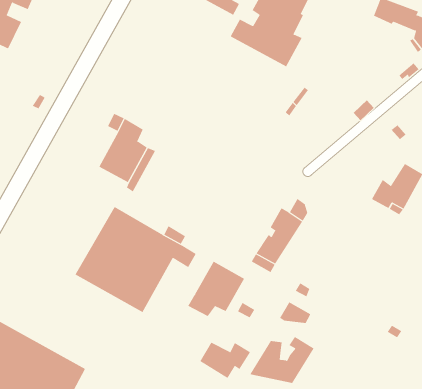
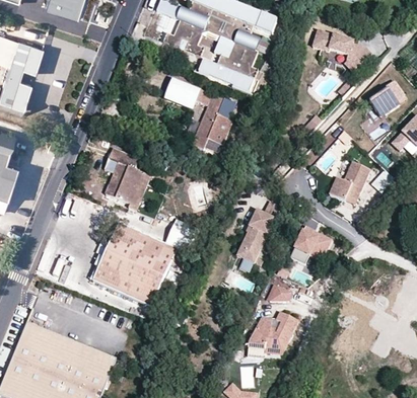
building: none -> [162,78,233,149]
building: none -> [290,227,331,264]
building: [187,261,245,317] -> none
building: [200,342,251,379] -> none

